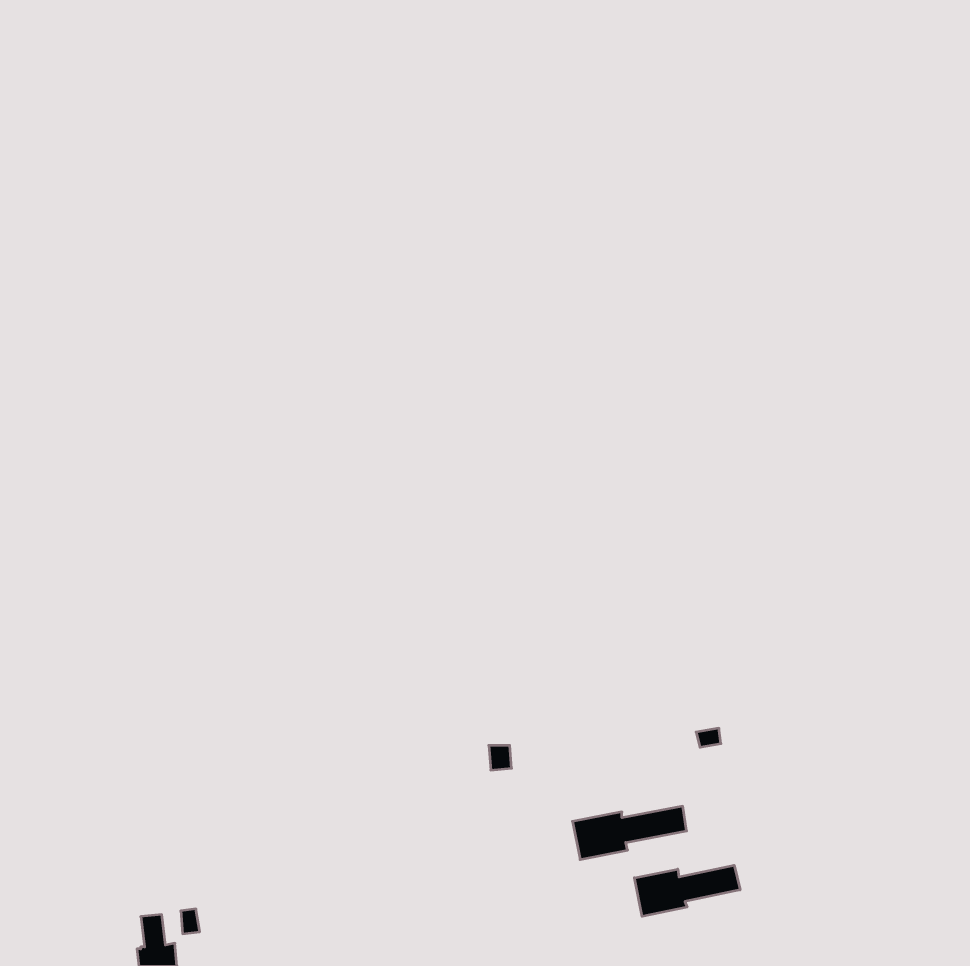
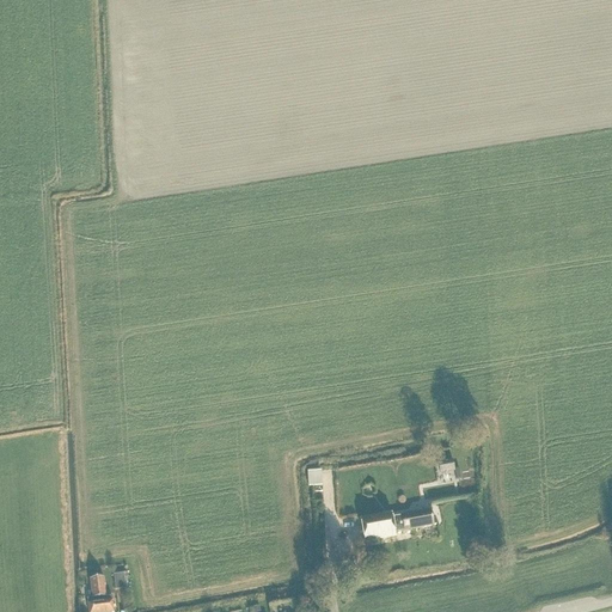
building: [634,865,740,916] -> none

